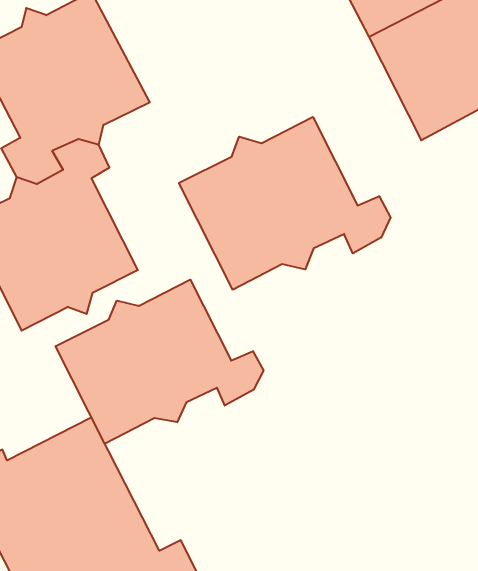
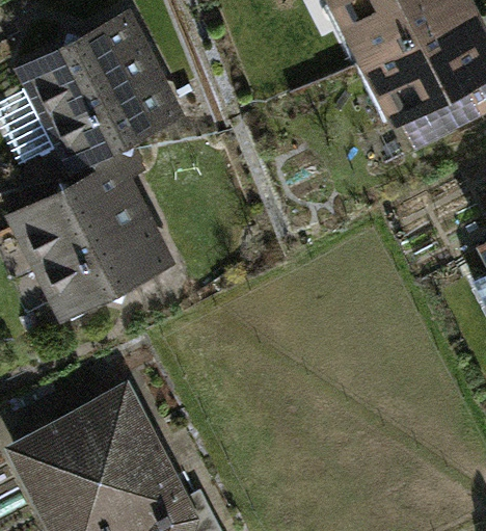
building: [179,117,391,290] -> none
building: [56,280,263,444] -> none

